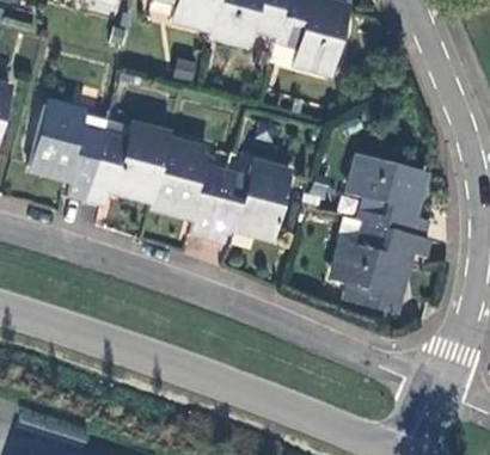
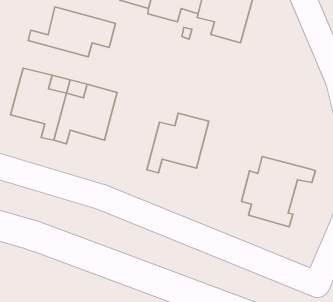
building: none -> [28,7,116,57]
building: [153,142,227,240] -> none
building: [351,154,433,239] -> none

